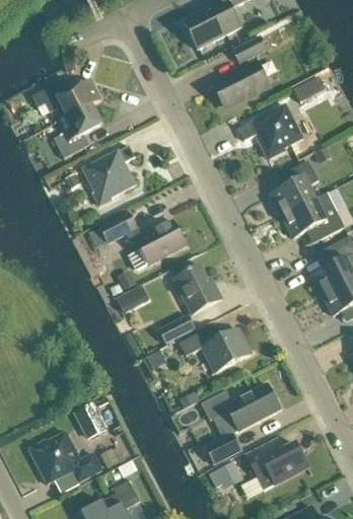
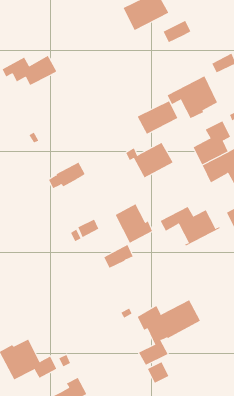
building: [215,64,267,106] -> [137,100,178,135]
building: [54,104,102,158] -> none
building: [83,145,135,206] -> none
building: [127,220,187,265] -> [125,142,173,178]
building: [180,324,256,374] -> [160,206,221,246]
building: [73,401,109,439] -> none
building: [245,438,308,485] -> none

